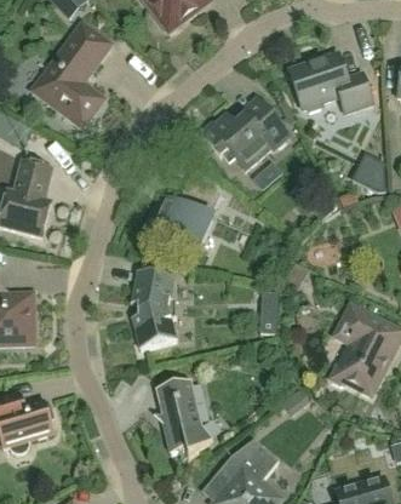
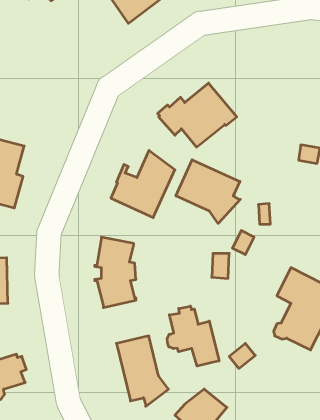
building: [33,21,111,126] -> none
building: [290,52,373,111] -> none
building: none -> [176,160,240,223]
building: none -> [167,306,219,366]

